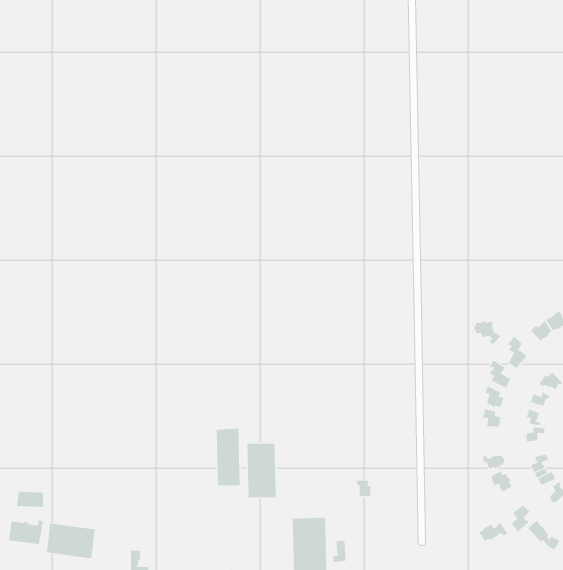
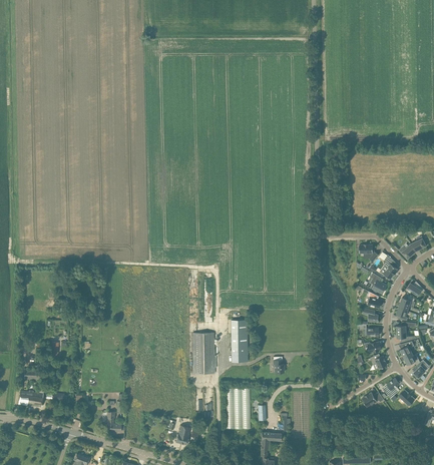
building: [216,428,241,486] -> [231,320,249,362]
building: [46,523,95,559] -> none

